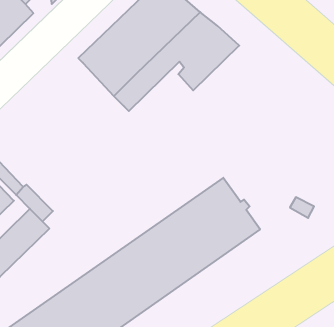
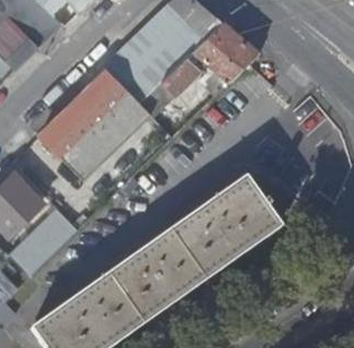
building: none -> [40,71,148,180]

